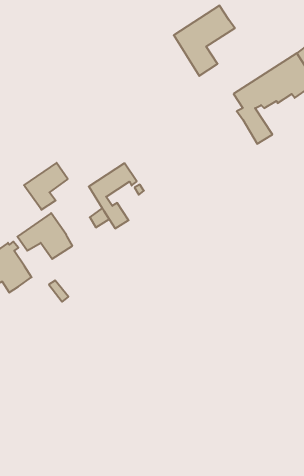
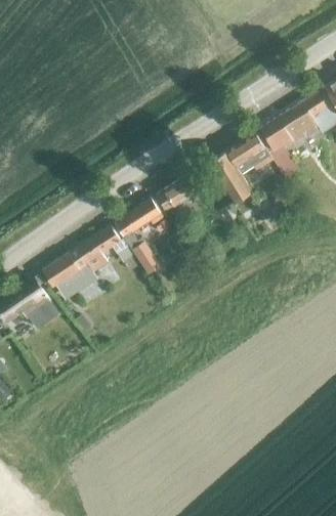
building: [174,6,235,76] -> [208,132,269,203]
building: none -> [156,170,205,212]
building: [24,163,68,210] -> [76,225,120,272]

